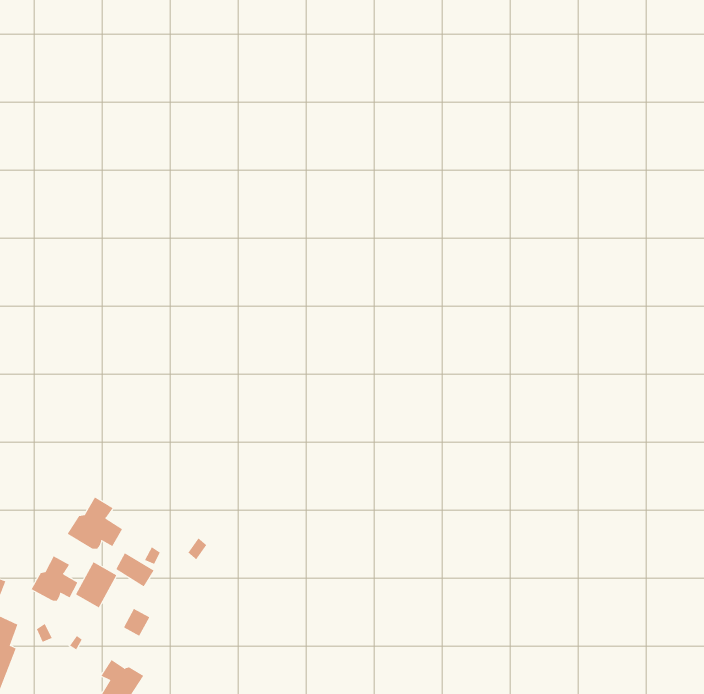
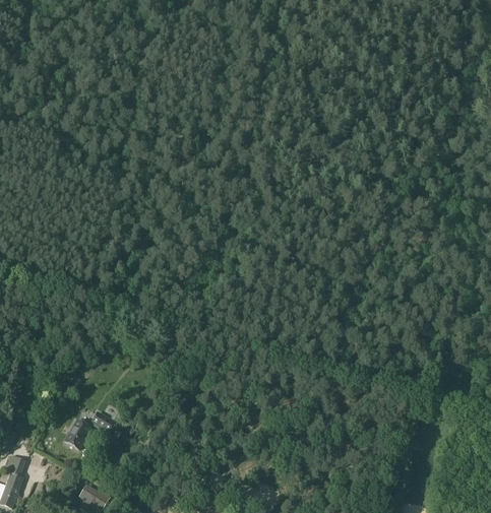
building: [67,496,123,549] -> none
building: [31,555,78,601] -> none

